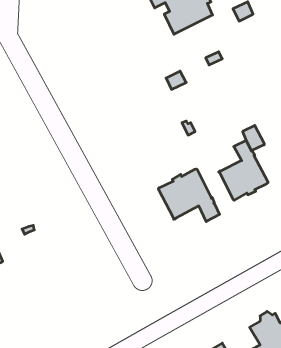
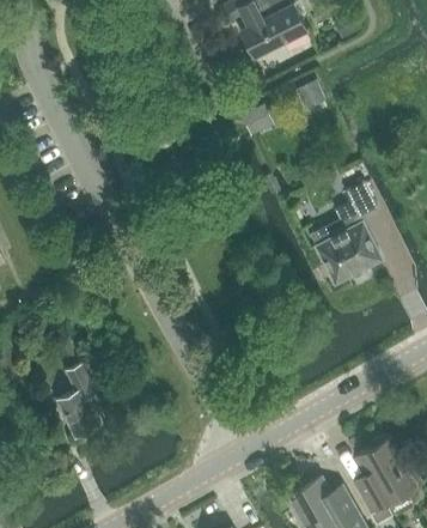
building: [158,169,220,222] -> none
building: none -> [56,363,99,437]

